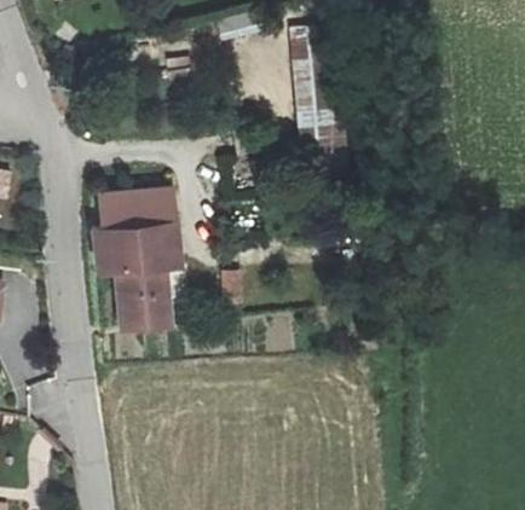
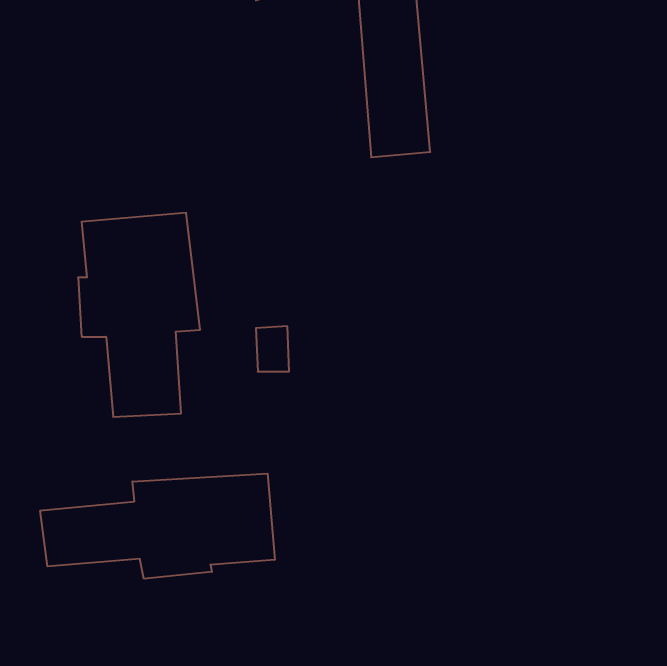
building: none -> [40,474,275,579]

